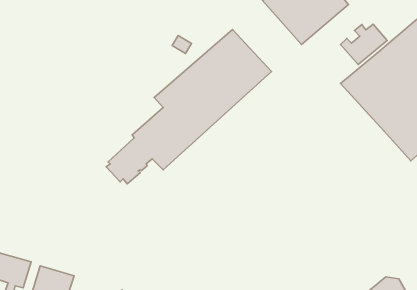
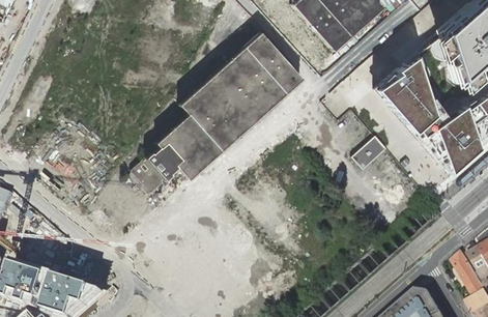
building: [341,24,387,65] -> none
building: none -> [350,134,387,168]

